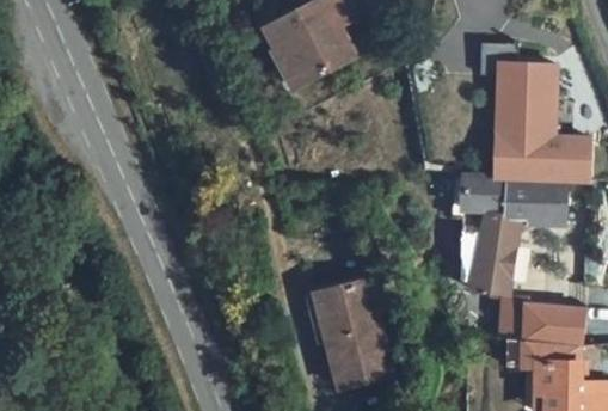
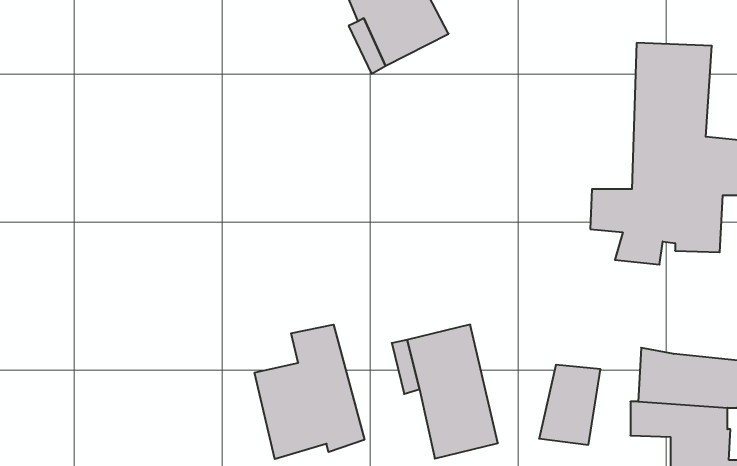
building: [469,229,517,292] -> [539,365,601,445]
building: none -> [255,325,364,459]

